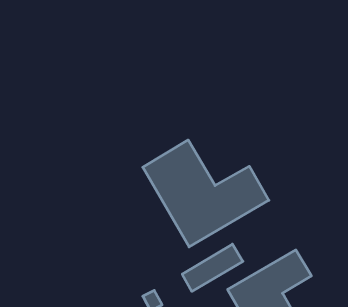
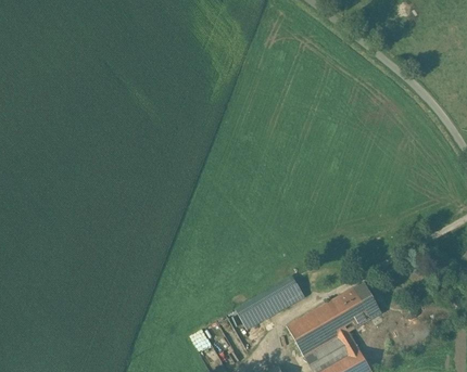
building: [143,140,269,247] -> none

